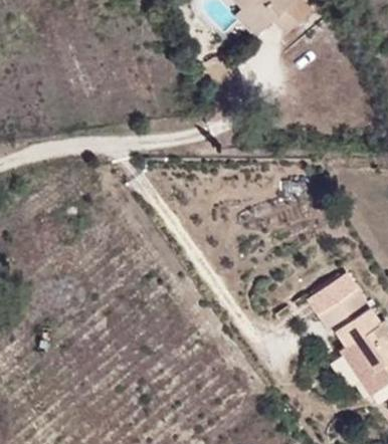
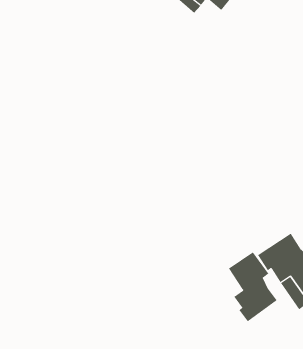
building: none -> [228,251,278,322]

